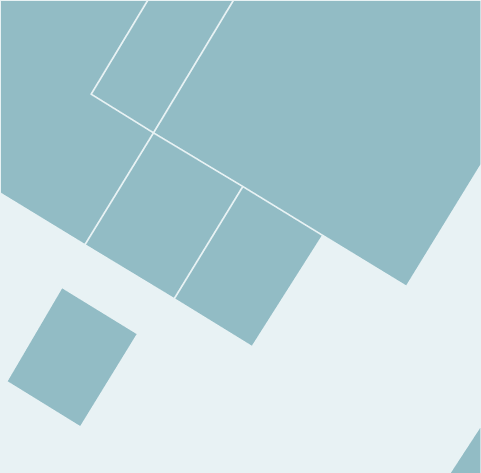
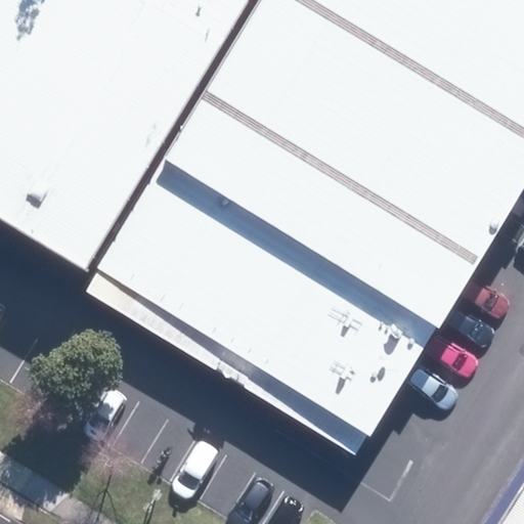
building: none -> [274,265,442,444]
building: [6,287,138,427] -> none

